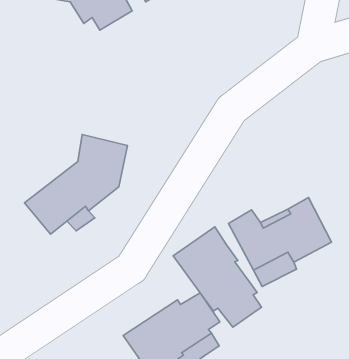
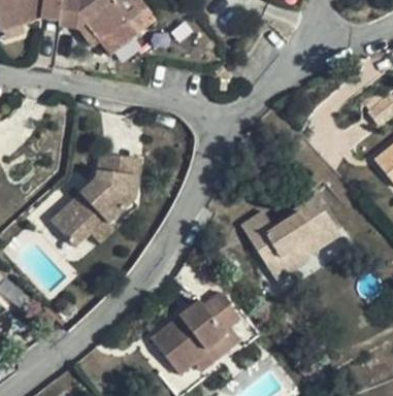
building: [173,227,262,327] -> none

